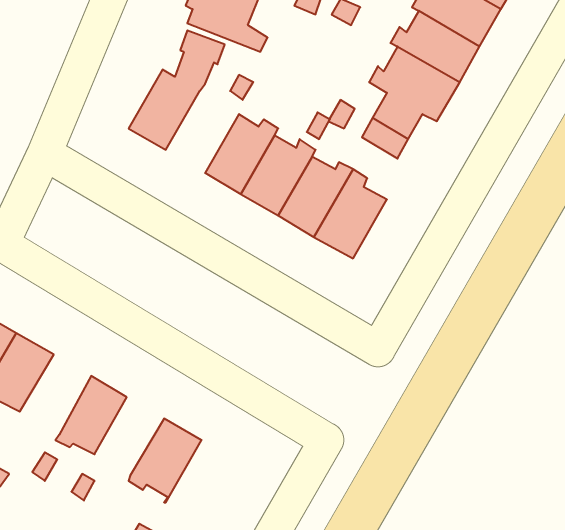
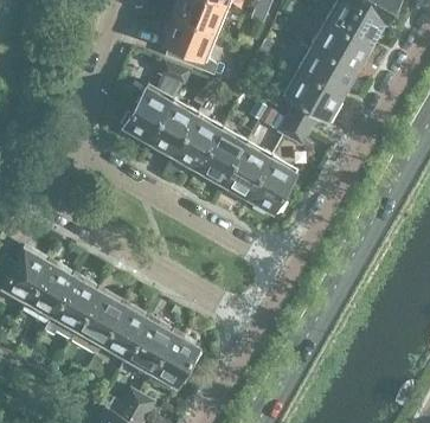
building: none -> [150,102,201,156]
building: none -> [45,277,101,340]
building: none -> [101,306,149,358]
building: none -> [150,334,200,387]

